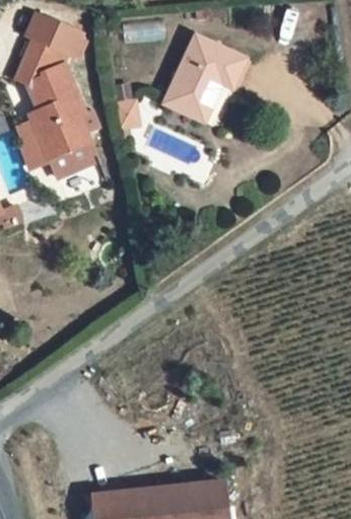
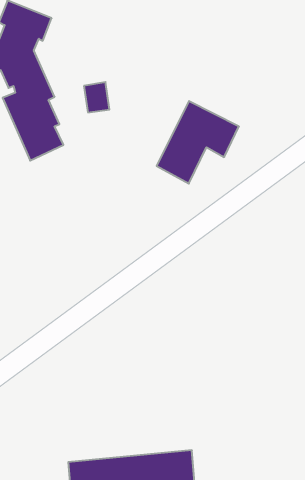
building: [163,35,249,121] -> [157,101,239,184]

